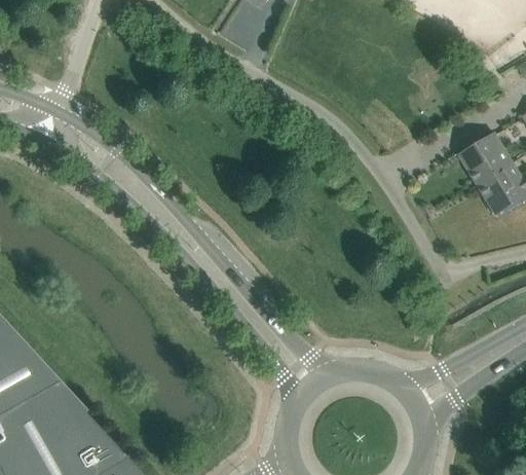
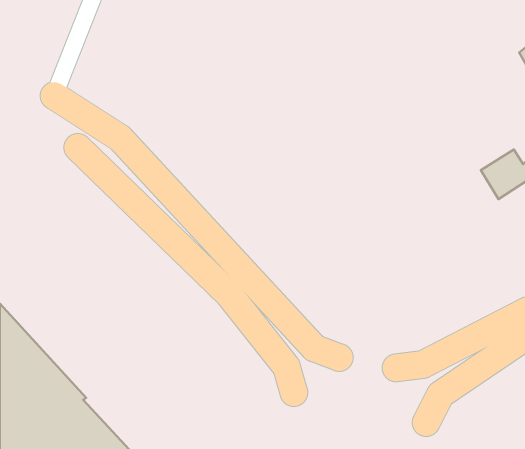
building: [460,136,512,185] -> none

